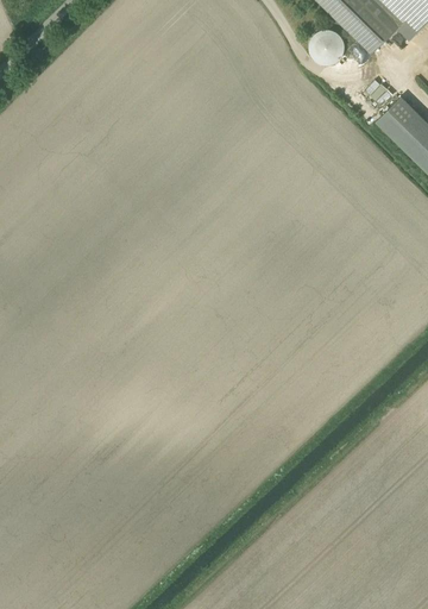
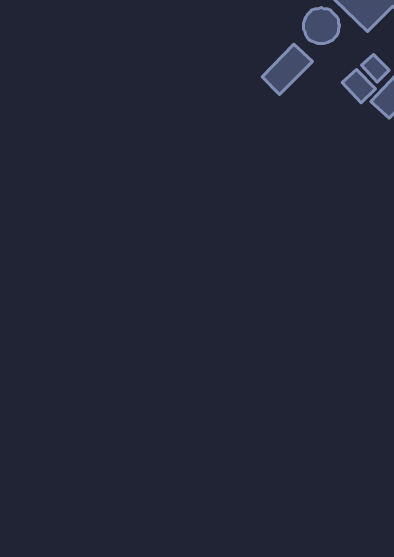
building: none -> [262,44,312,94]
building: none -> [342,69,375,103]

